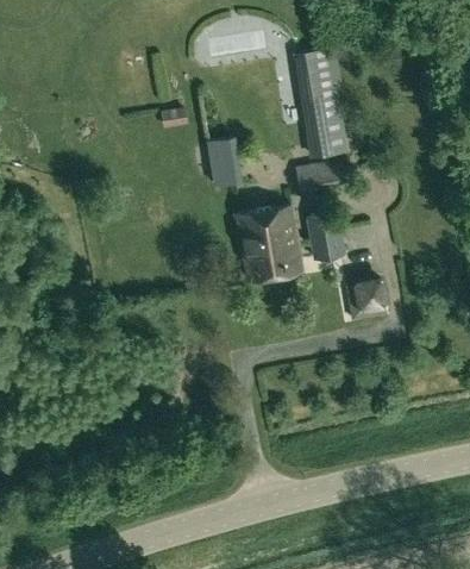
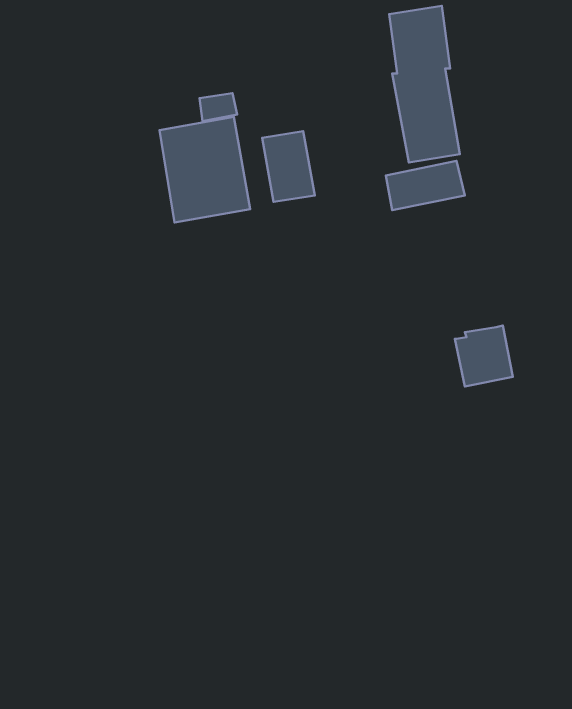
building: [237,205,302,281] -> [160,117,250,222]
building: [307,214,345,260] -> none

